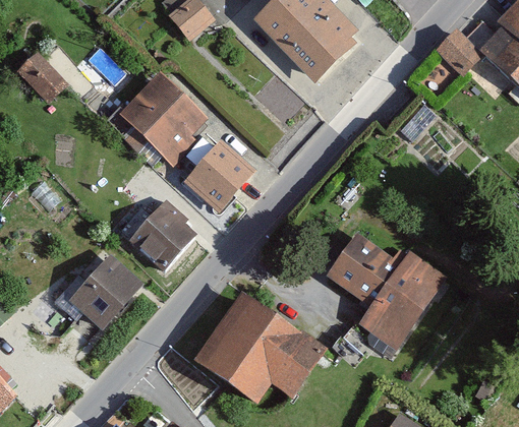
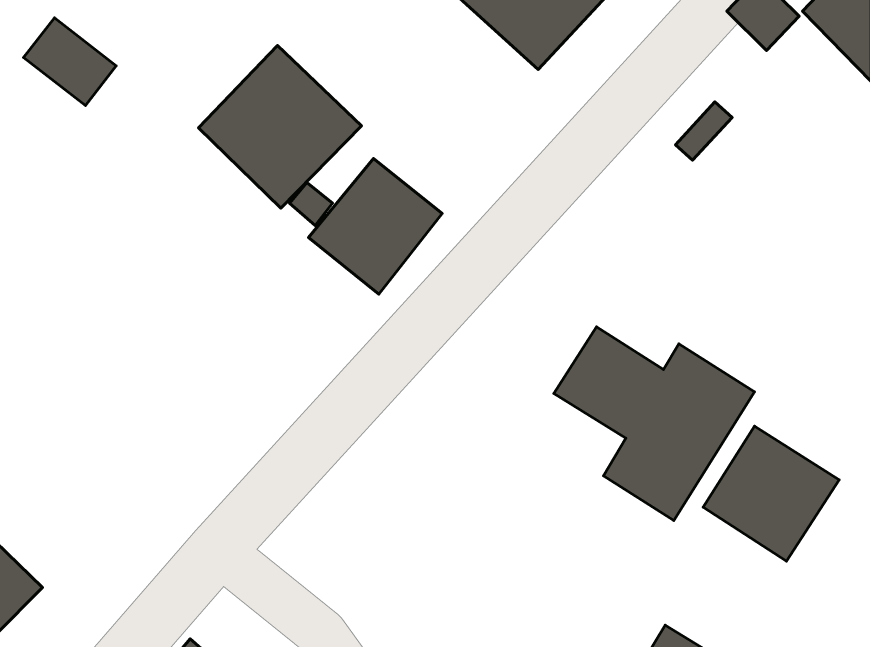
building: [132,200,197,267] -> none
building: [67,256,141,332] -> none
building: [192,291,309,393] -> none
building: none -> [703,426,839,561]

